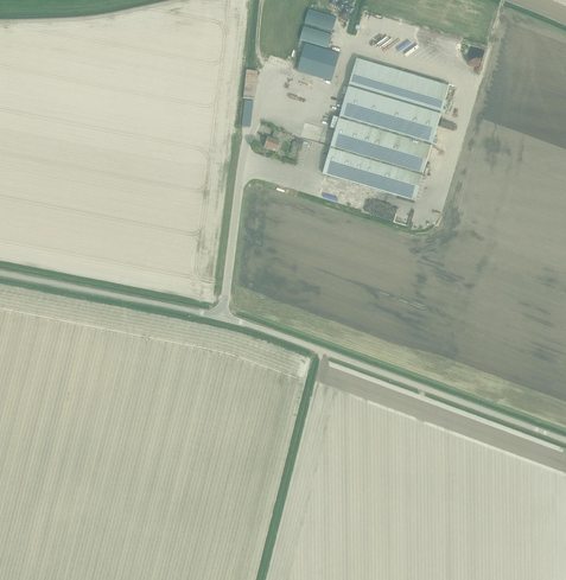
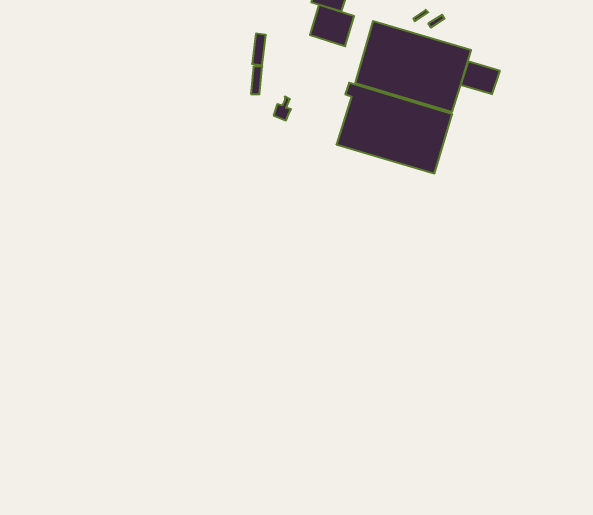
building: none -> [461,61,500,94]

